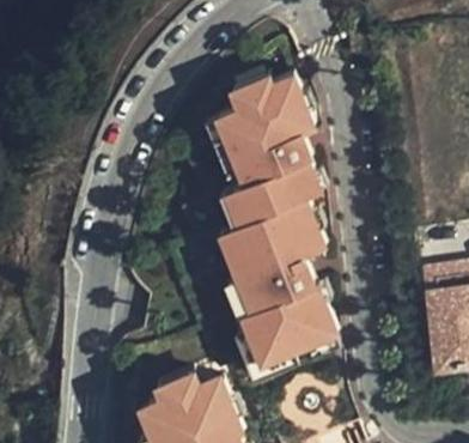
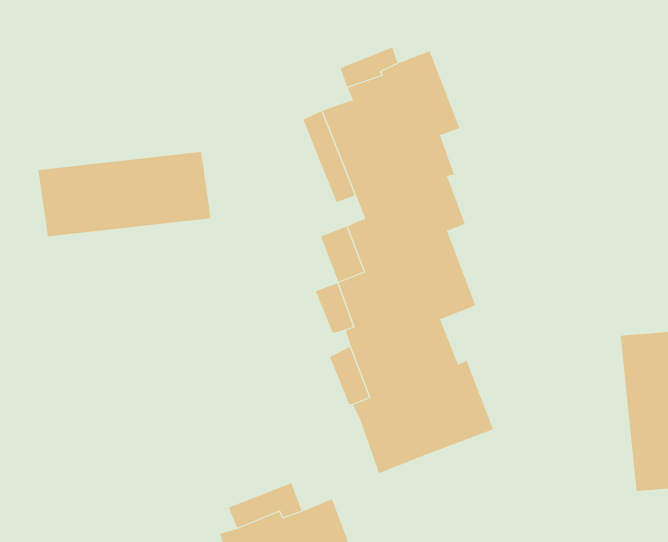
building: none -> [38,151,211,237]
building: [232,320,297,375] -> none

